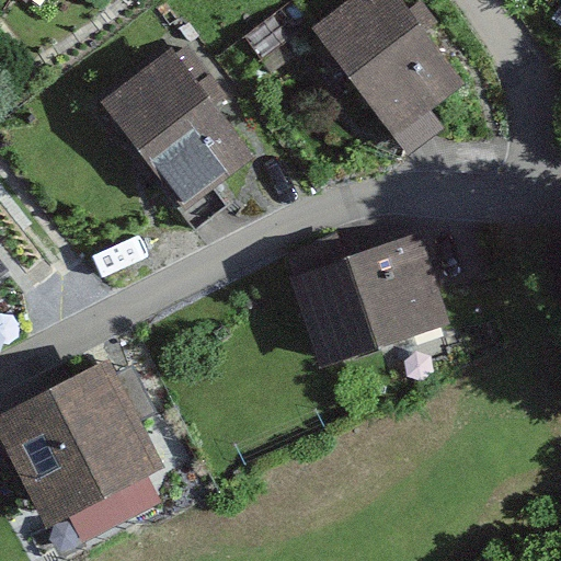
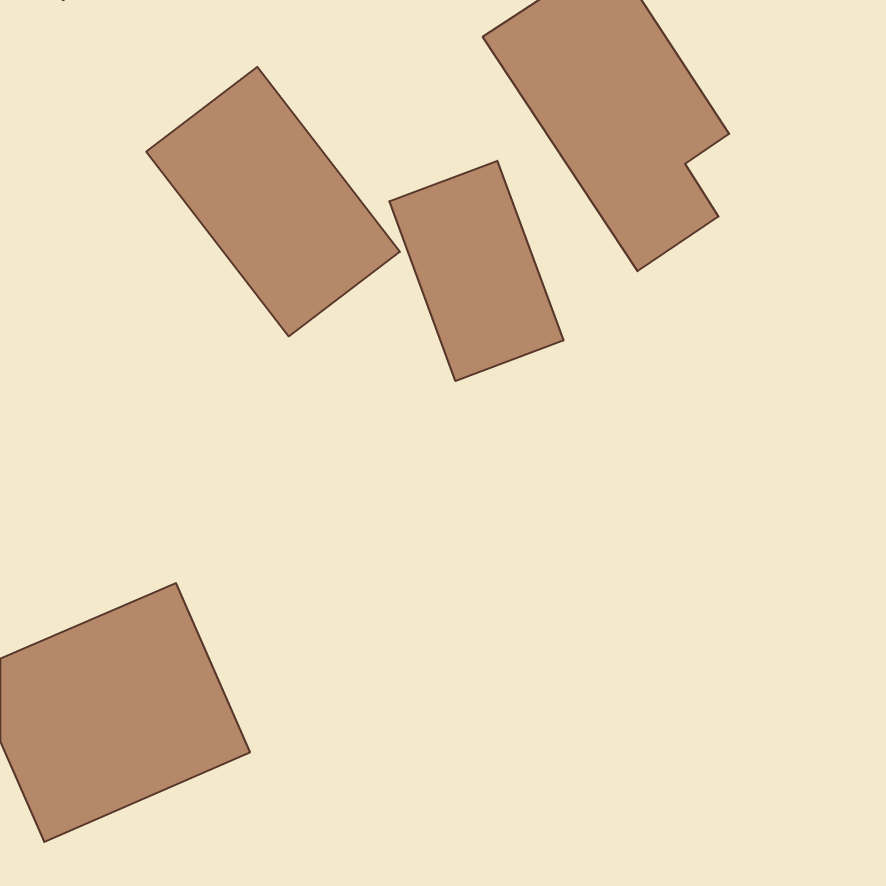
building: none -> [389,161,563,381]
building: [290,229,460,369] -> none

